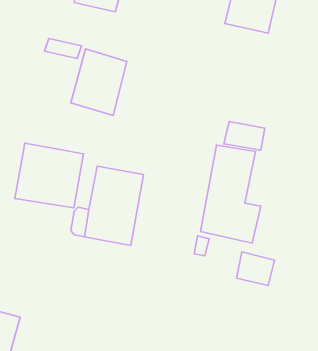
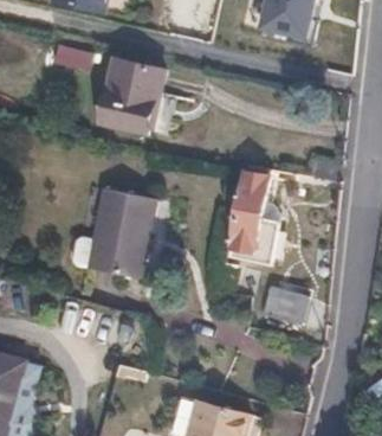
building: [224,121,265,150] -> none
building: [15,143,84,208] -> none

